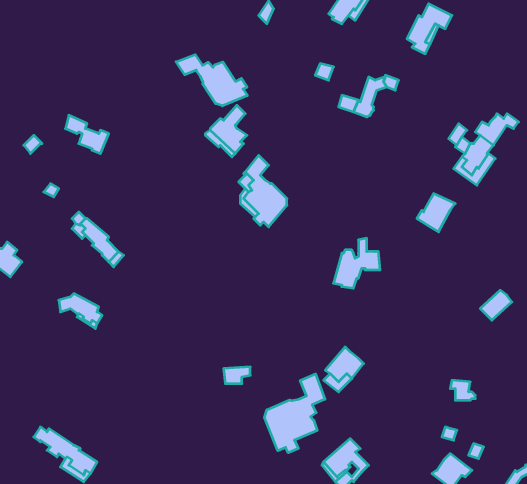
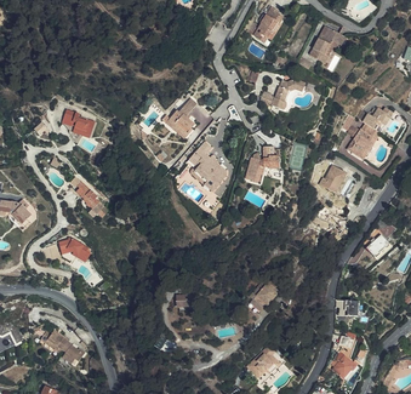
building: [176,55,247,106] -> none
building: [333,238,380,288] -> [247,148,281,184]
building: [264,374,325,453] -> none

